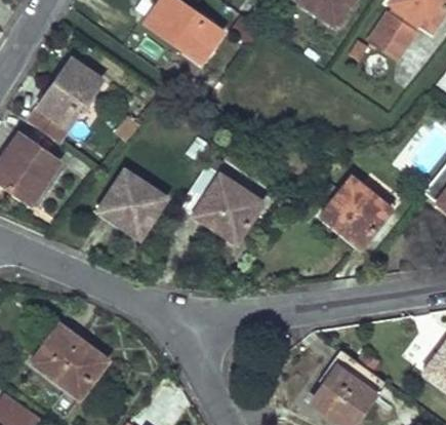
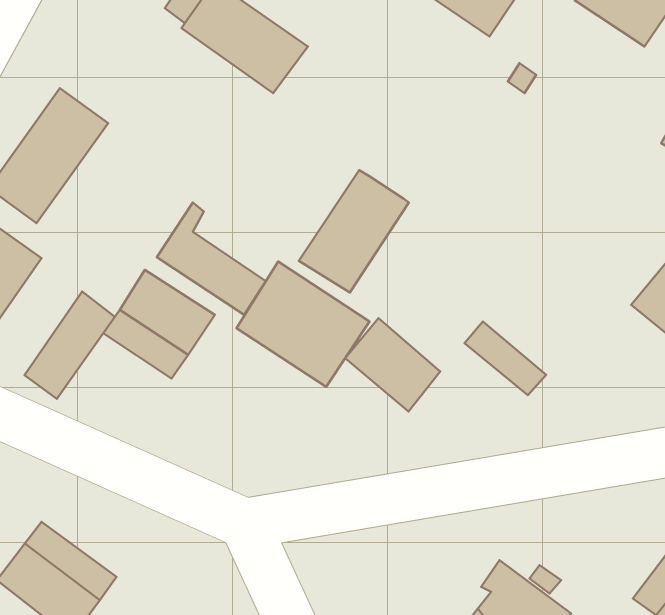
building: [369,13,416,62] -> none
building: none -> [299,170,409,293]
building: none -> [157,203,266,315]
building: [332,177,391,234] -> [345,318,440,412]
building: none -> [25,292,115,399]

